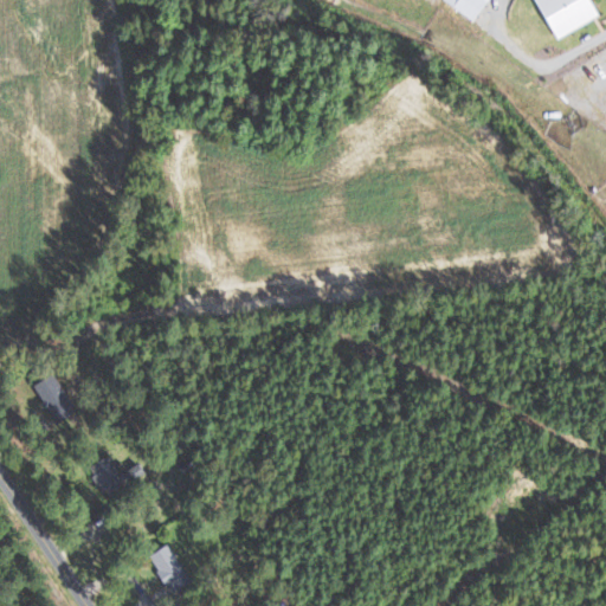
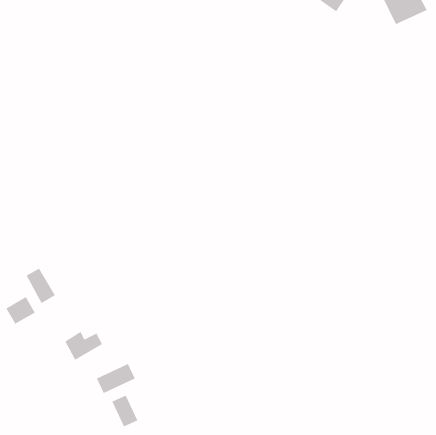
building: none -> [5,296,35,325]
building: none -> [96,363,135,394]

